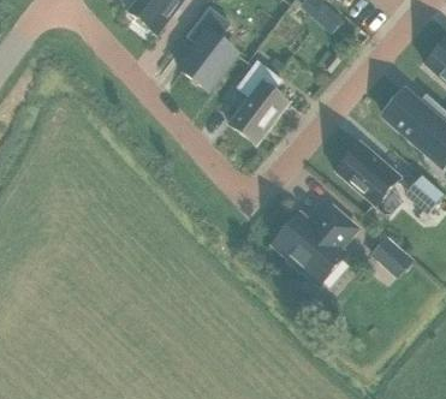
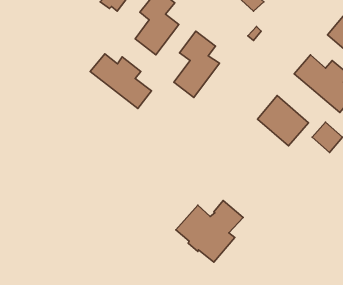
building: none -> [90,54,151,108]
building: [272,207,357,285] -> [176,200,243,262]
building: [373,237,412,275] -> none

